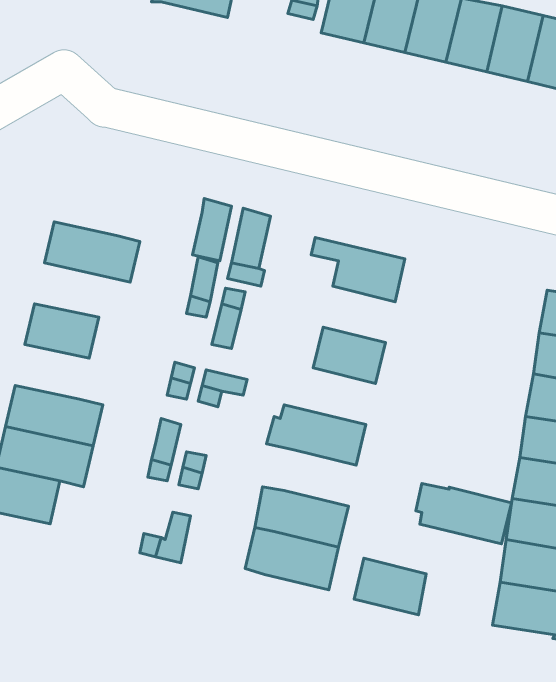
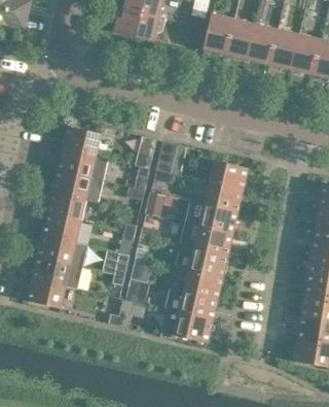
building: none -> [62,126,100,156]
building: none -> [51,170,102,202]
building: none -> [204,182,242,212]
building: none -> [41,213,80,242]
building: [416,483,511,544] -> [181,224,231,256]
building: [354,558,426,615] -> [183,269,221,299]

